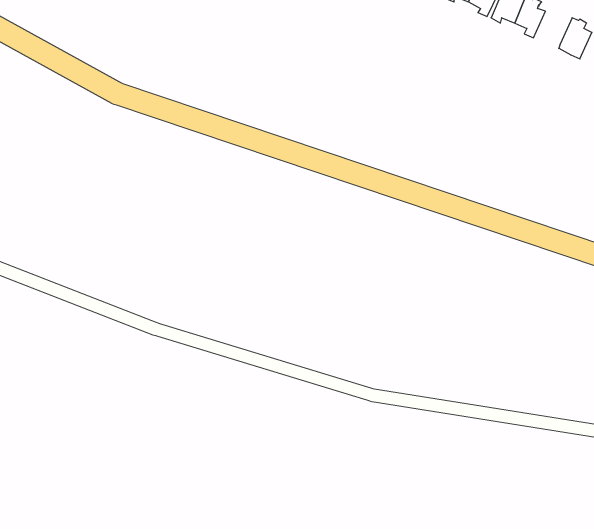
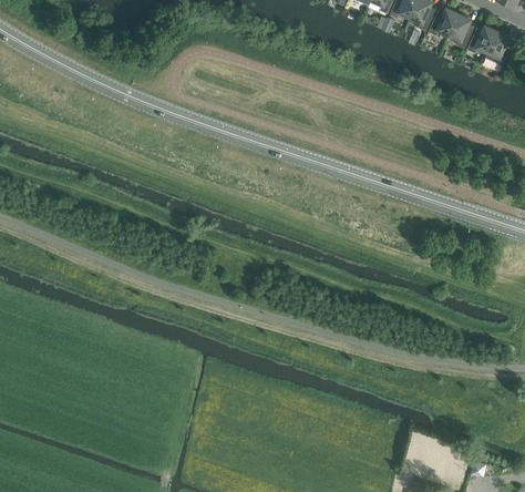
building: none -> [466,23,495,52]

